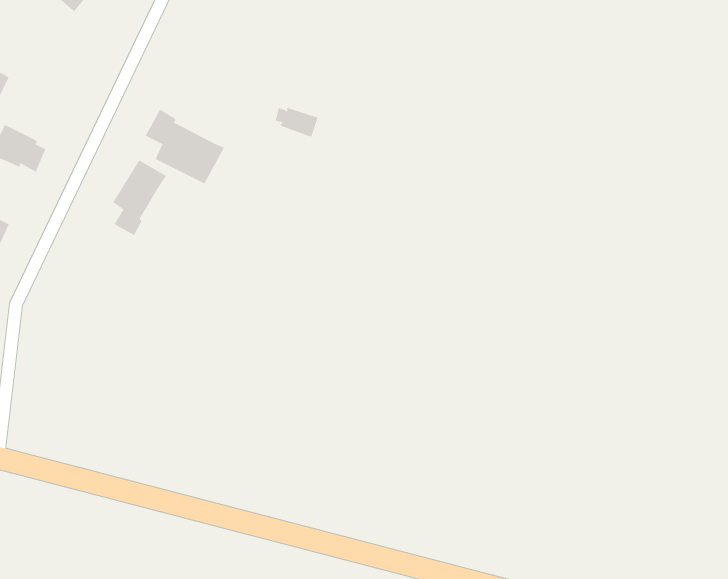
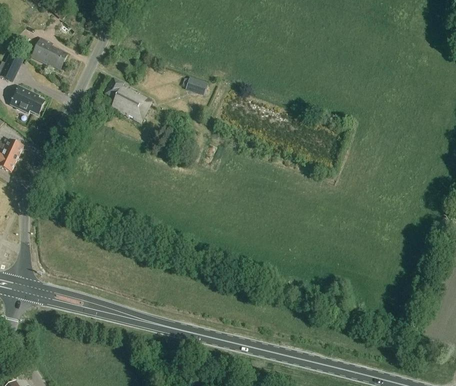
building: none -> [32,38,68,68]
building: [112,159,167,236] -> none

